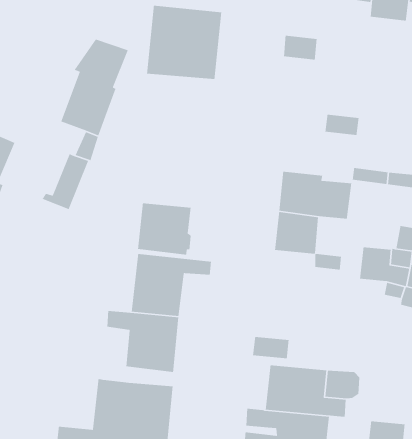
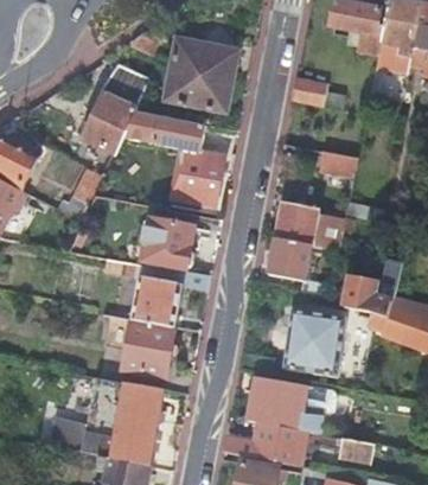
building: none -> [123,113,223,205]
building: none -> [281,309,345,377]

